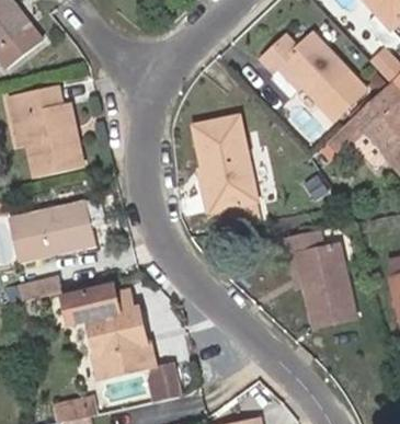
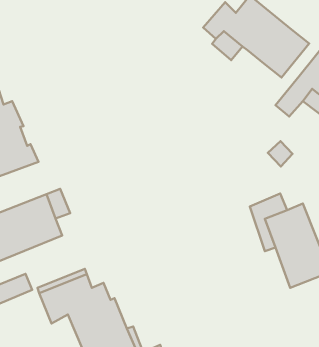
building: [195,117,261,231] -> none

